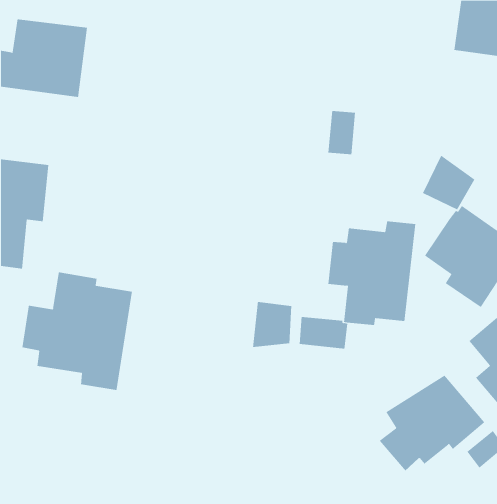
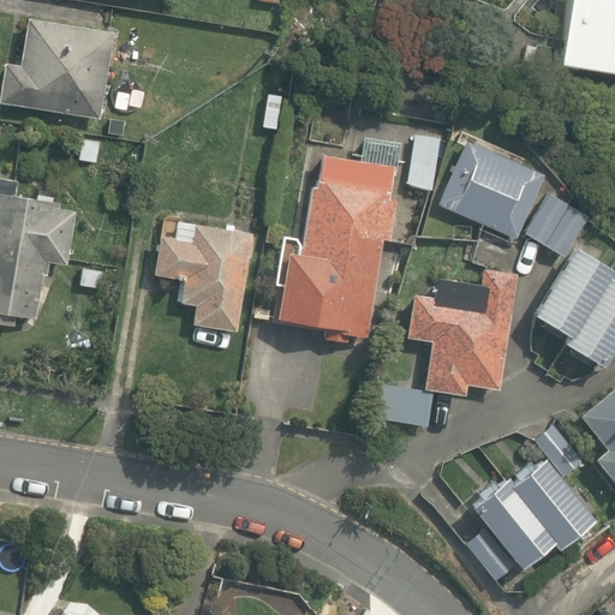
building: none -> [438,139,544,239]
building: none -> [267,154,396,333]
building: none -> [149,220,252,332]
building: [22,272,132,391] -> none
building: [253,301,292,348] -> none

